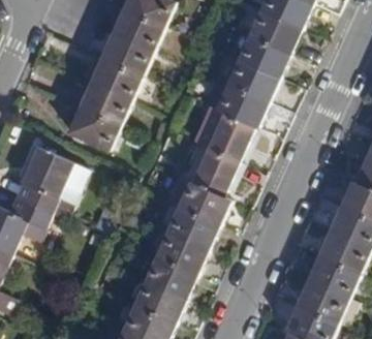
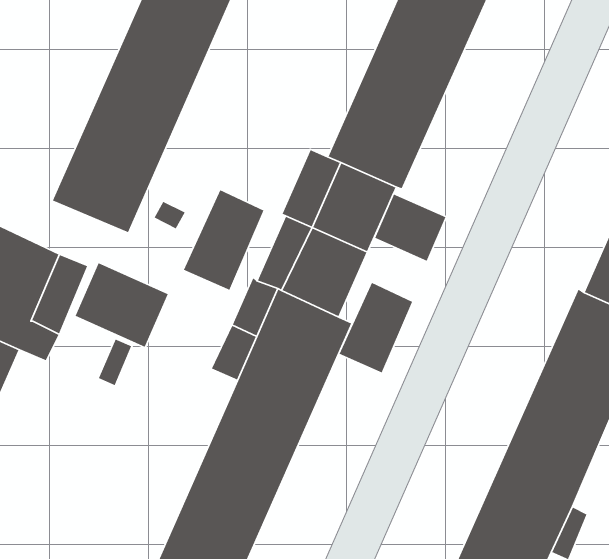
building: none -> [183,189,265,291]
building: none -> [374,194,447,262]
building: none -> [74,262,169,348]
building: none -> [339,282,413,373]

